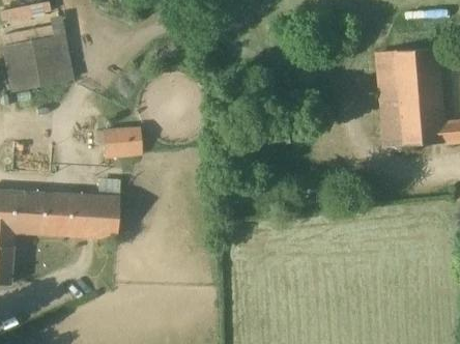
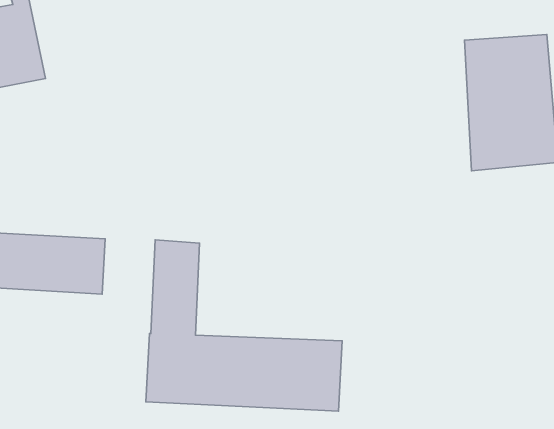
building: [103,127,142,157] -> none
building: none -> [146,240,342,411]

